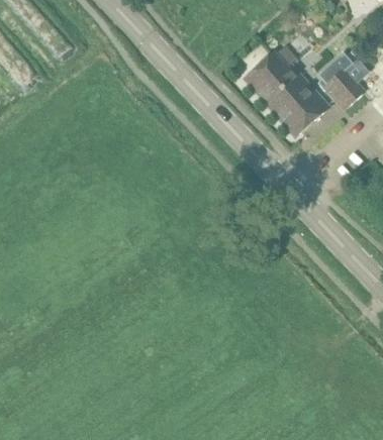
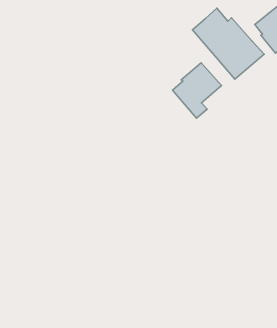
building: none -> [172,63,222,118]

